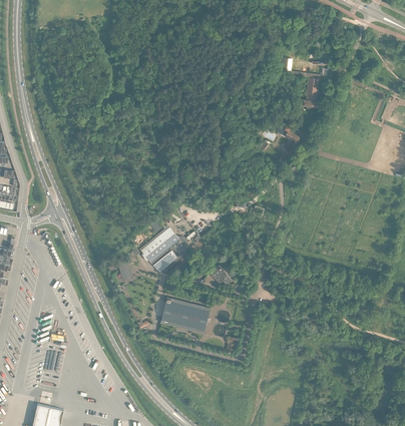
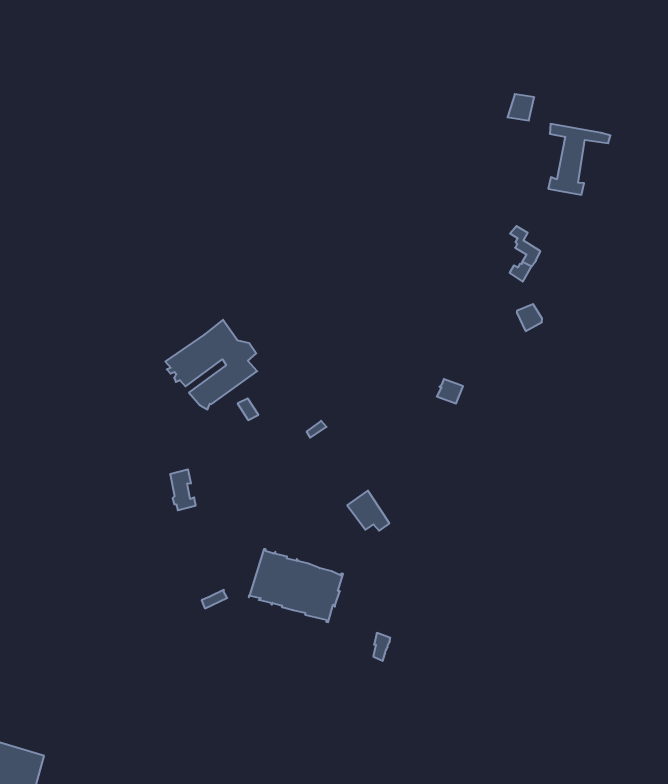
building: [139,228,186,274] -> [165,320,257,409]

